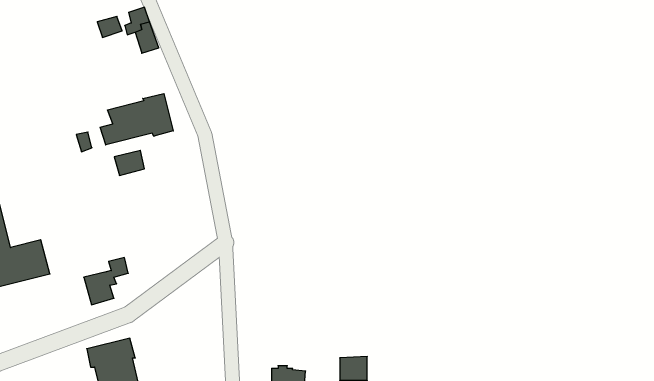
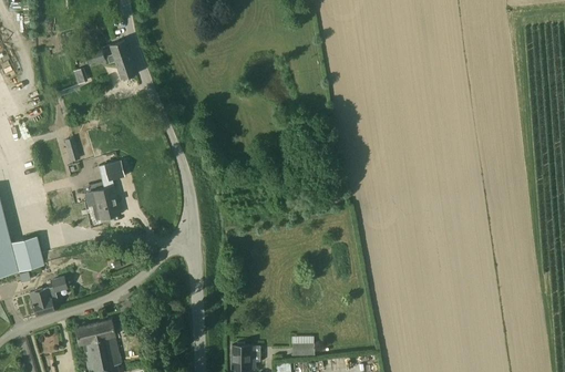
building: [100,94,173,145] -> none
building: none -> [84,186,121,220]
building: [84,258,128,305] -> [30,277,68,317]

